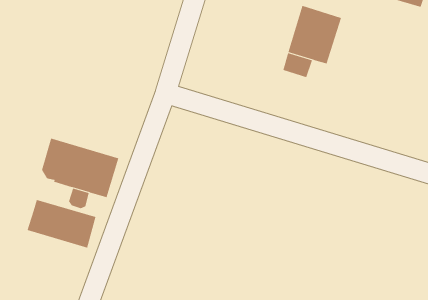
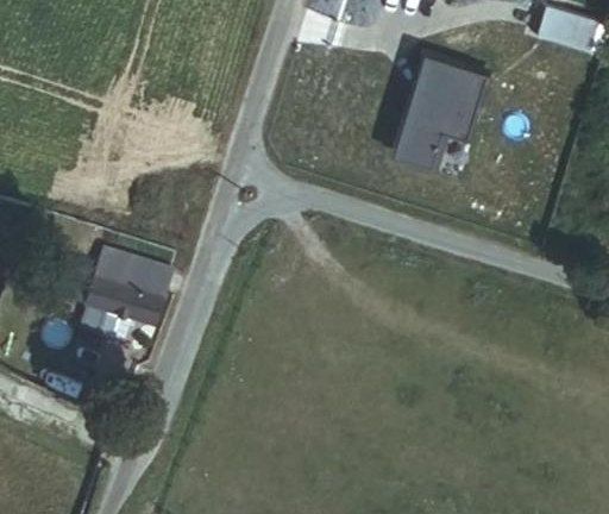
building: [27,199,96,248] -> none

